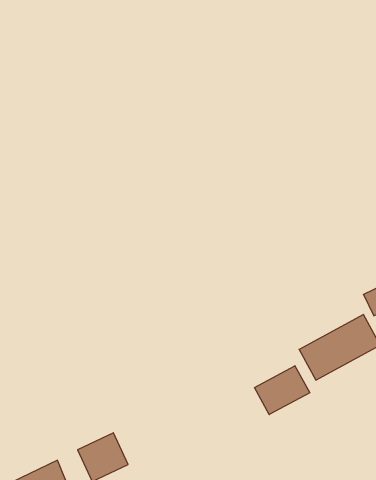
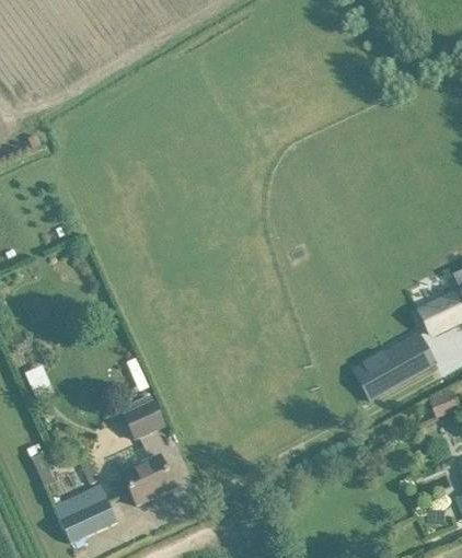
building: [255,366,310,415] -> none
building: none -> [123,394,165,438]

